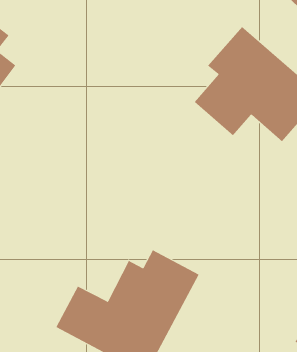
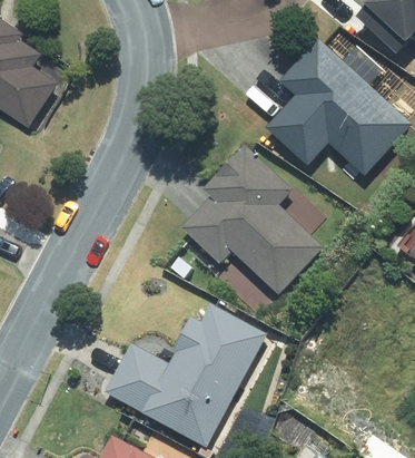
building: none -> [175,145,319,294]

